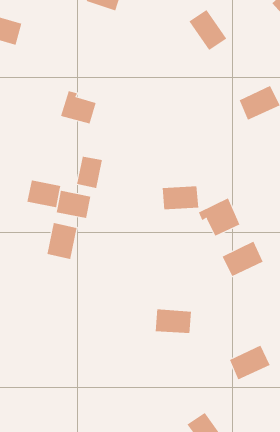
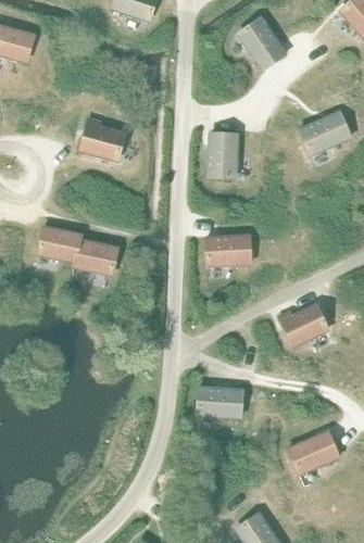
building: none -> [208,132,238,177]
building: [76,156,102,189] -> none
building: [198,198,240,237] -> none
building: [47,222,77,260] -> none

